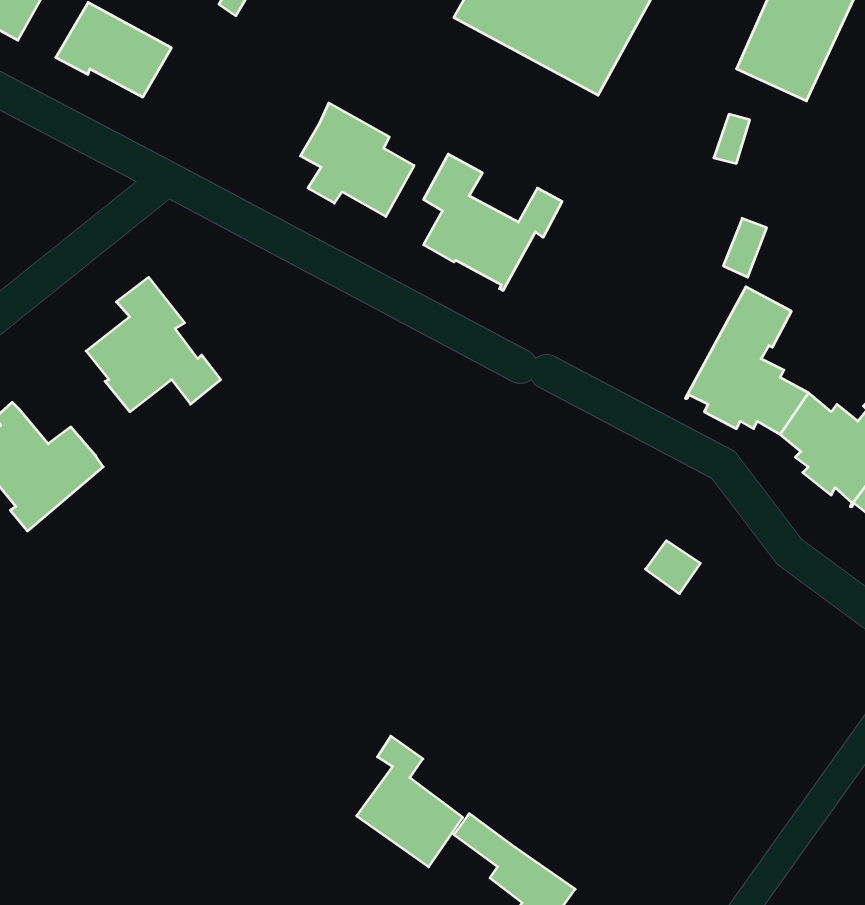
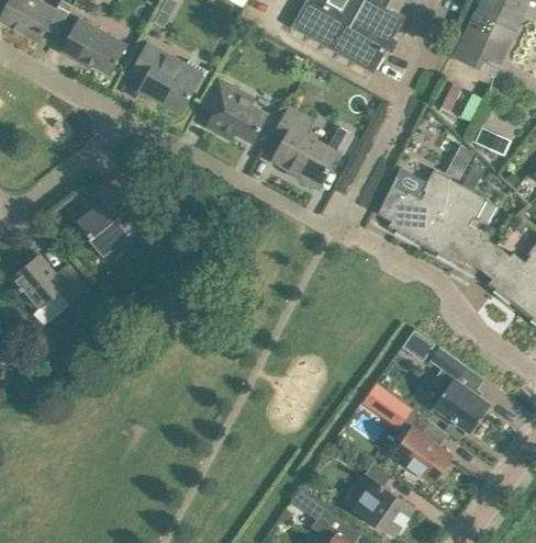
building: none -> [131,43,208,112]
building: none -> [472,126,510,154]
building: none -> [377,168,459,248]
building: none -> [429,346,490,431]
building: none -> [362,383,453,483]
building: [357,736,463,867] -> [353,461,414,536]

